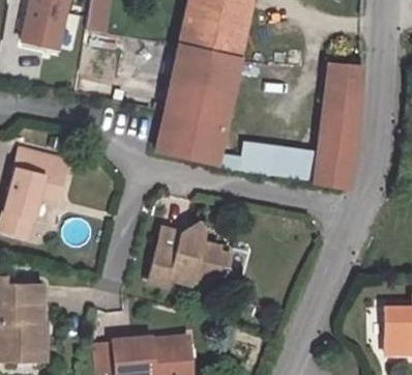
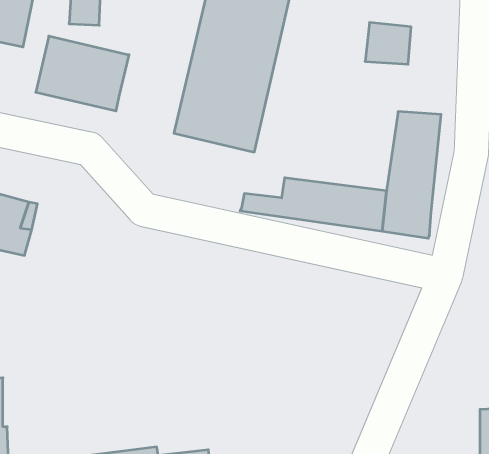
building: [327,65,360,95] -> [365,23,411,64]
building: [156,109,224,163] -> [36,36,129,111]
building: [148,228,233,289] -> none

